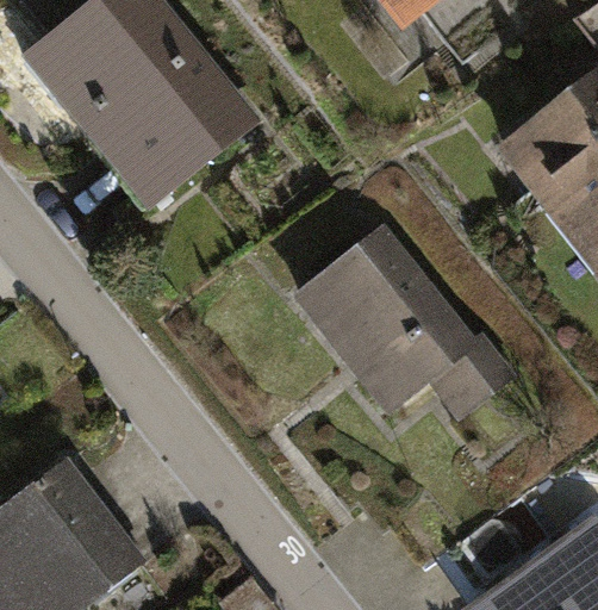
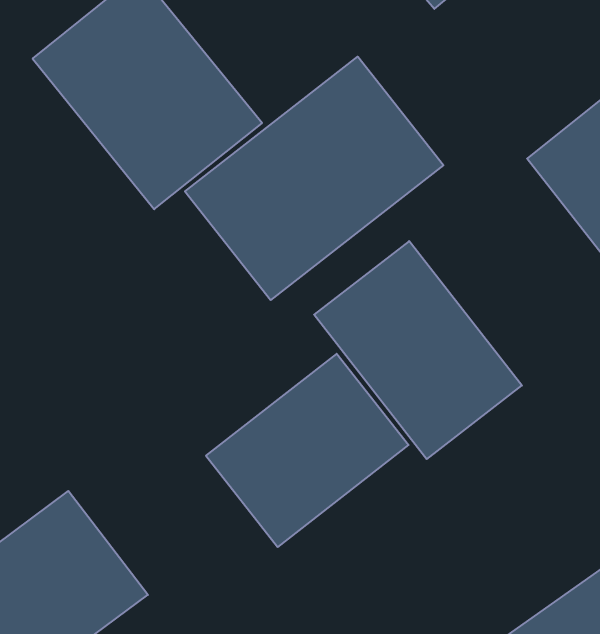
building: none -> [185,57,443,300]
building: none -> [206,354,409,547]

